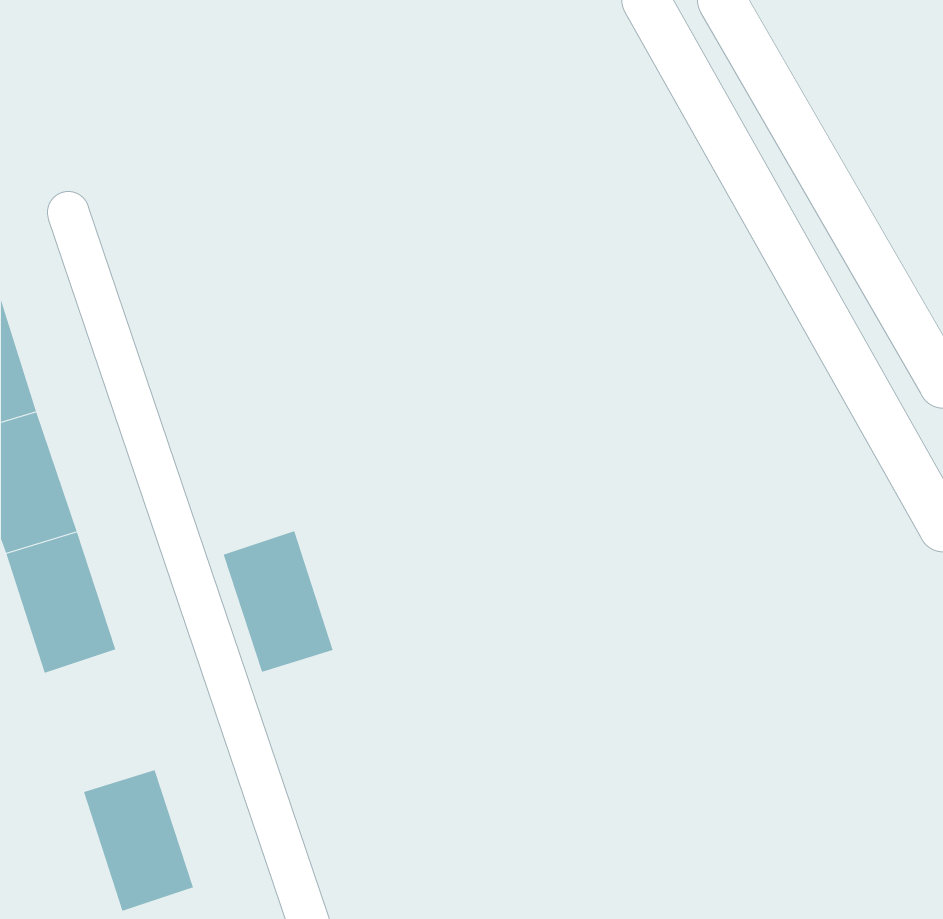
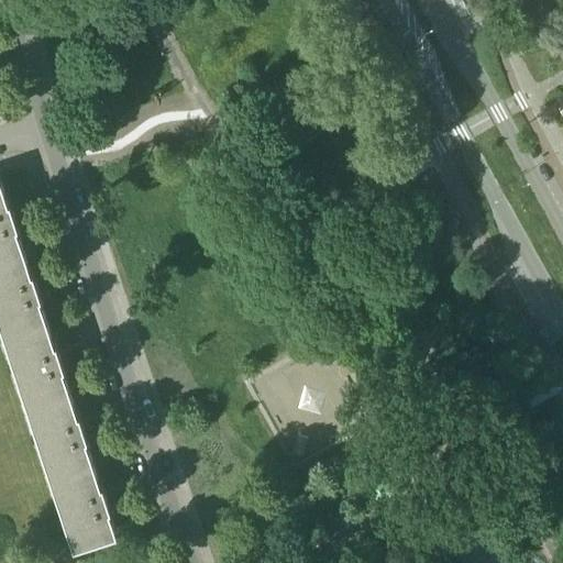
building: [223,530,333,672] -> [26,401,92,486]

